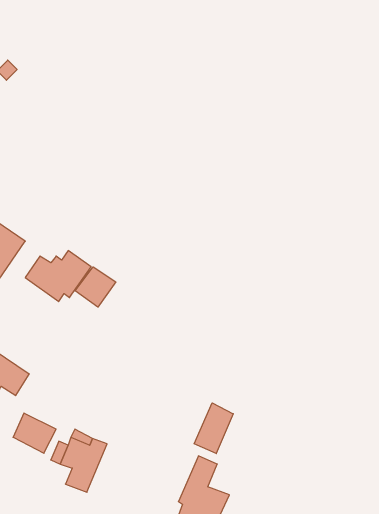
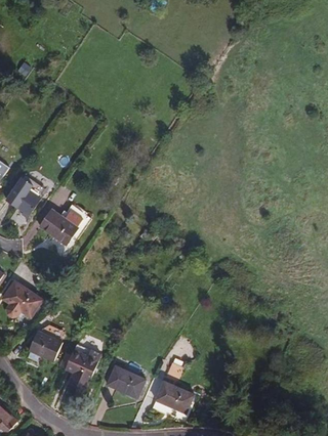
building: [75,267,116,307] -> none
building: [194,403,233,454] -> none
building: none -> [108,364,146,396]

